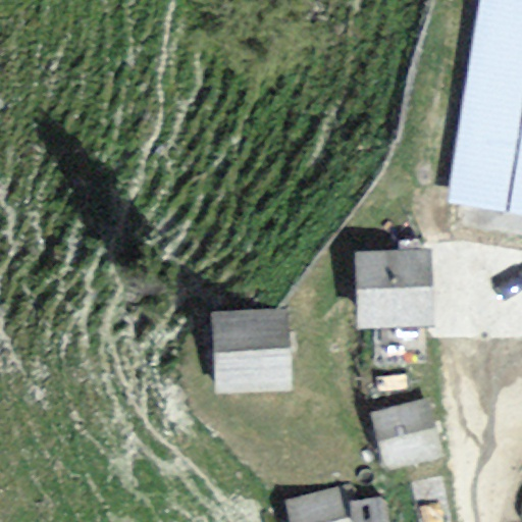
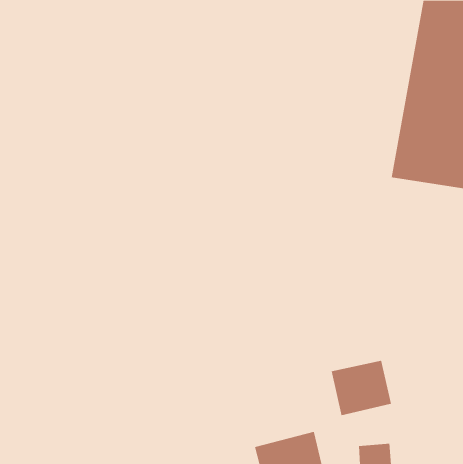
building: [359,251,434,322] -> none
building: [214,315,291,386] -> none

